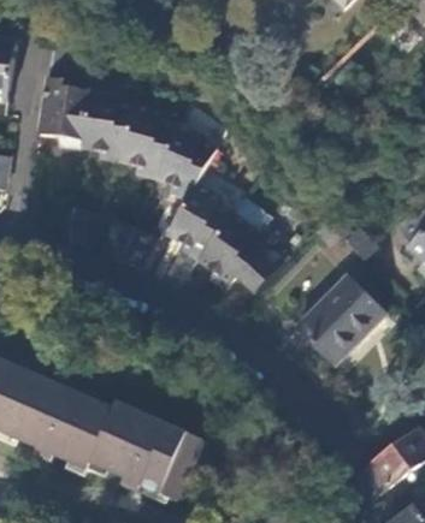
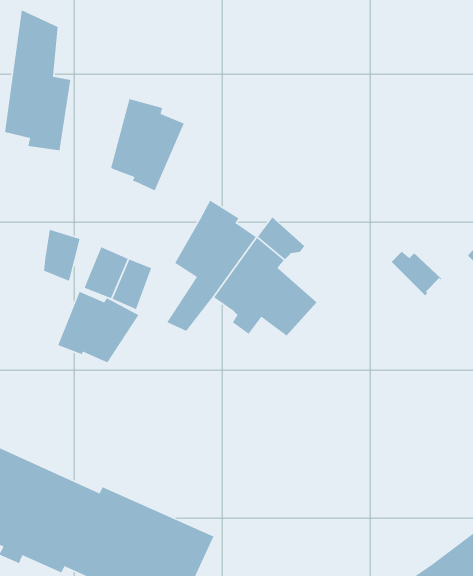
building: [82,90,135,159] -> none
building: [155,124,217,198] -> none
building: none -> [57,291,139,363]
building: [302,278,390,367] -> none

